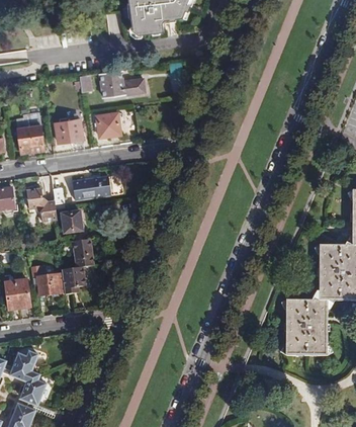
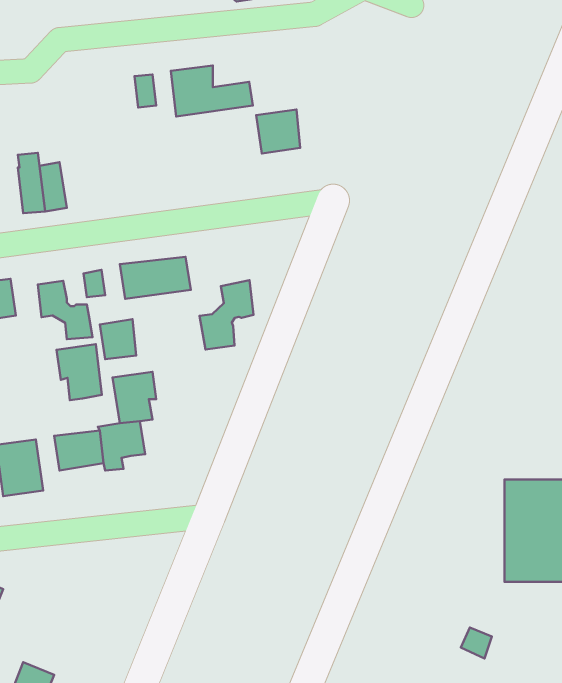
building: [96,112,120,137] -> [256,110,300,153]
building: [54,119,82,143] -> none
building: none -> [199,280,253,350]
building: none -> [56,344,102,400]
building: [11,349,47,403] -> none

